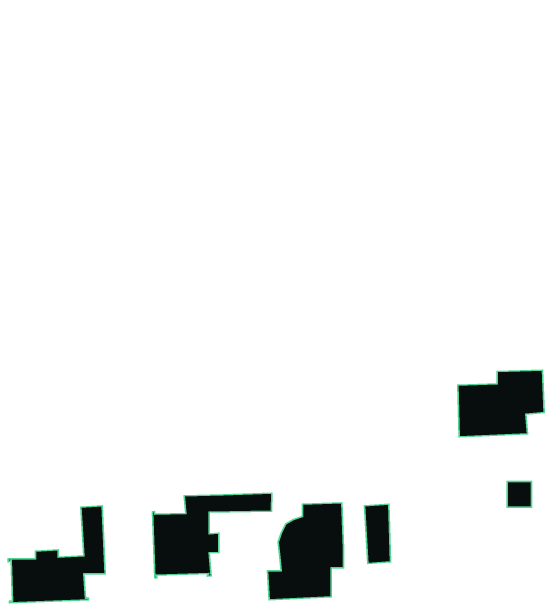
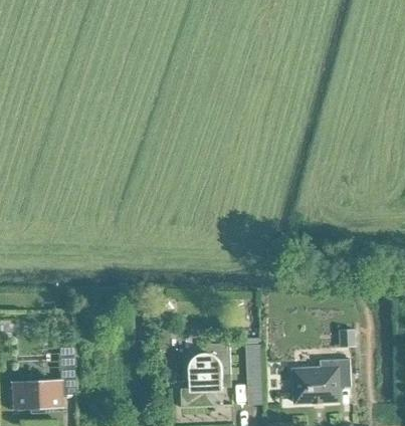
building: [458,370,544,437] -> [293,359,351,403]
building: [153,493,272,578] -> none

